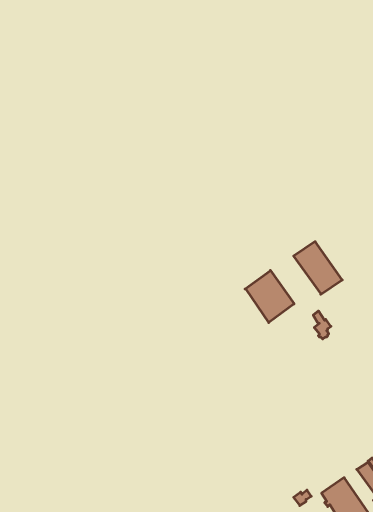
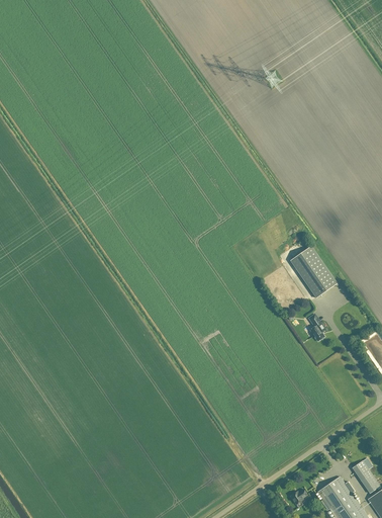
building: [245,270,294,323] -> none

